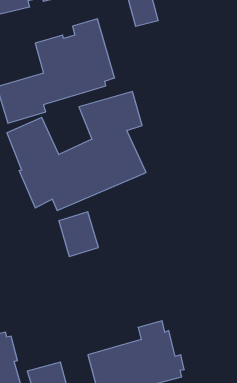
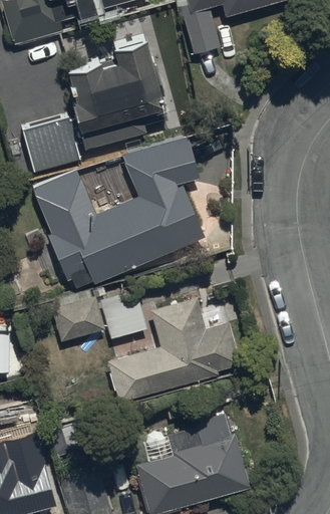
building: none -> [51,295,104,342]
building: none -> [106,295,242,402]

